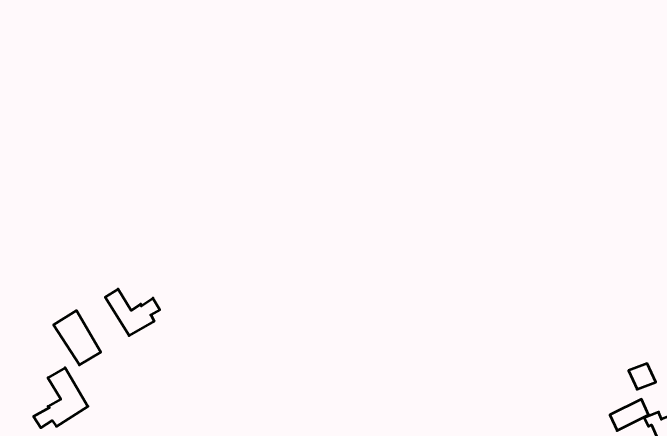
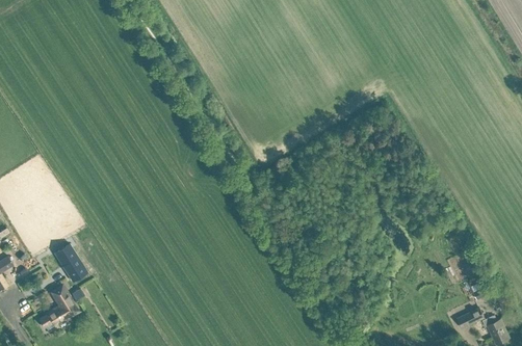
building: [105,289,160,336] -> none

